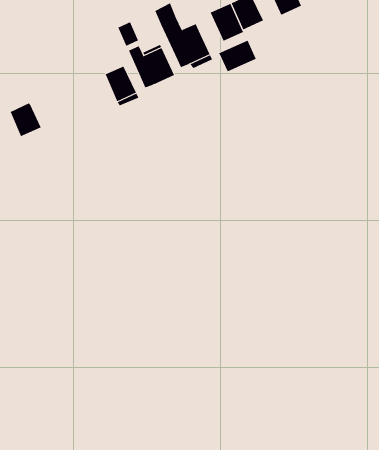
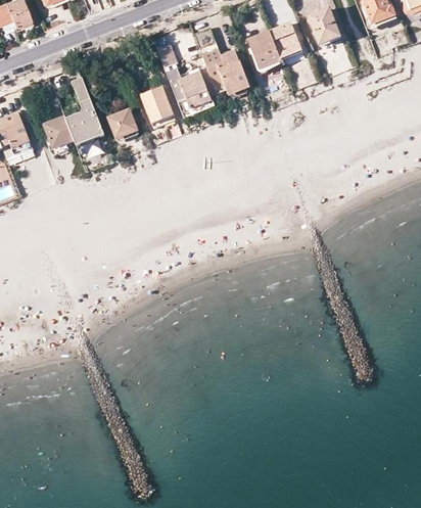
building: [219,40,257,72] -> none
building: none -> [64,79,105,148]
building: none -> [107,109,138,141]

